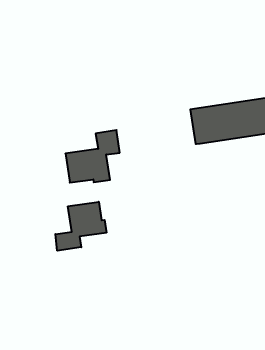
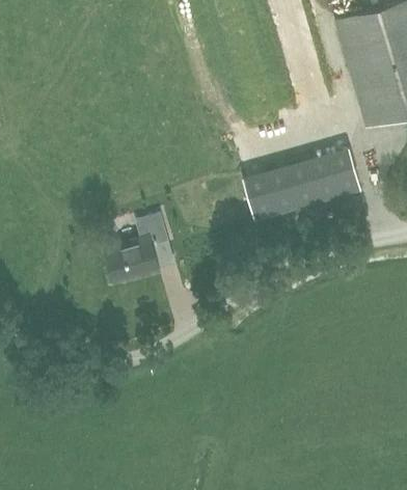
building: [55,202,106,251] -> none

